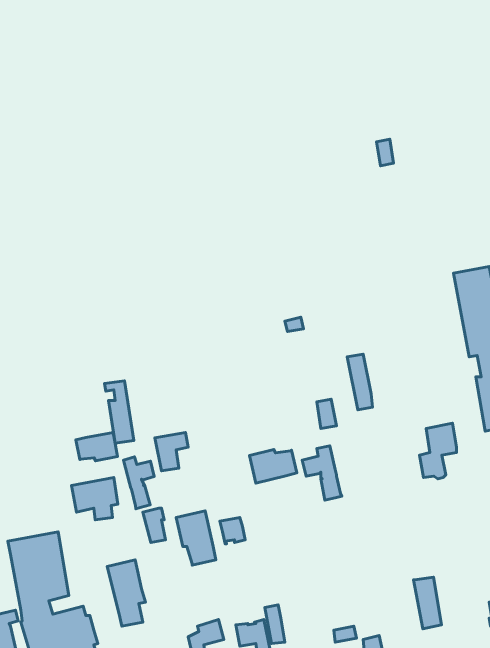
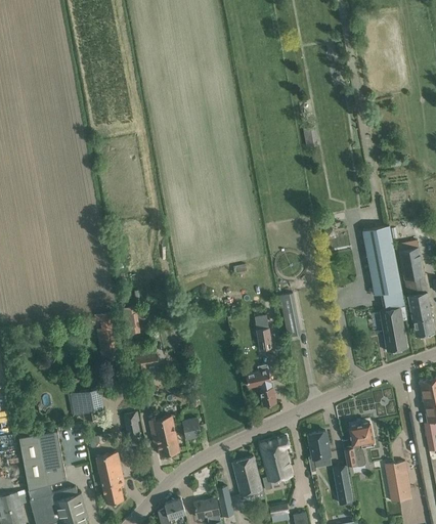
building: [419,423,457,479] -> [344,424,373,467]
building: [76,432,118,461] -> none
building: [249,450,297,483] -> none
building: [124,457,154,509] -> none
building: none -> [308,432,330,473]
building: none -> [259,437,292,482]
building: none -> [232,456,263,495]

